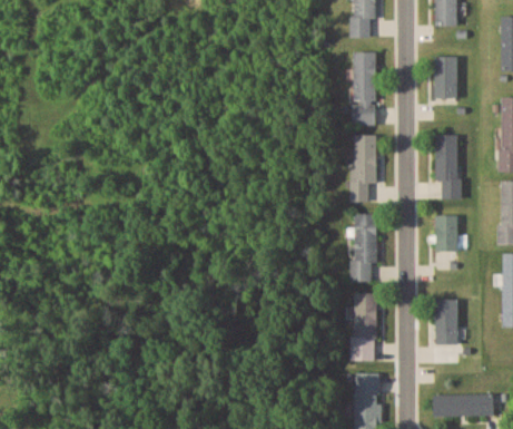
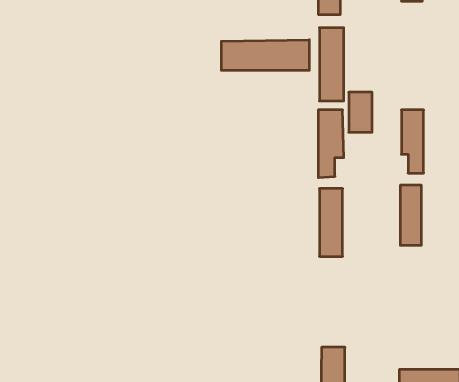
building: [434,56,457,96] -> [349,92,372,132]
building: none -> [221,40,309,70]
building: [353,292,377,361] -> none
building: [435,299,457,344] -> none

